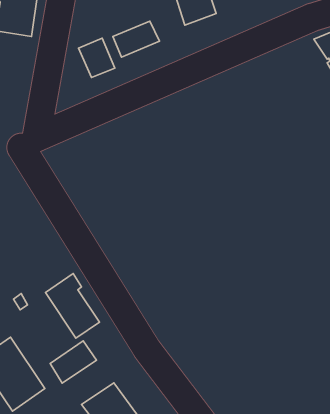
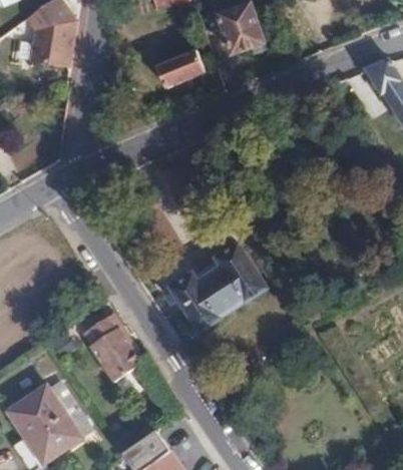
building: [79,38,115,77] -> none
building: none -> [167,244,268,331]
building: [50,341,96,383] -> none

